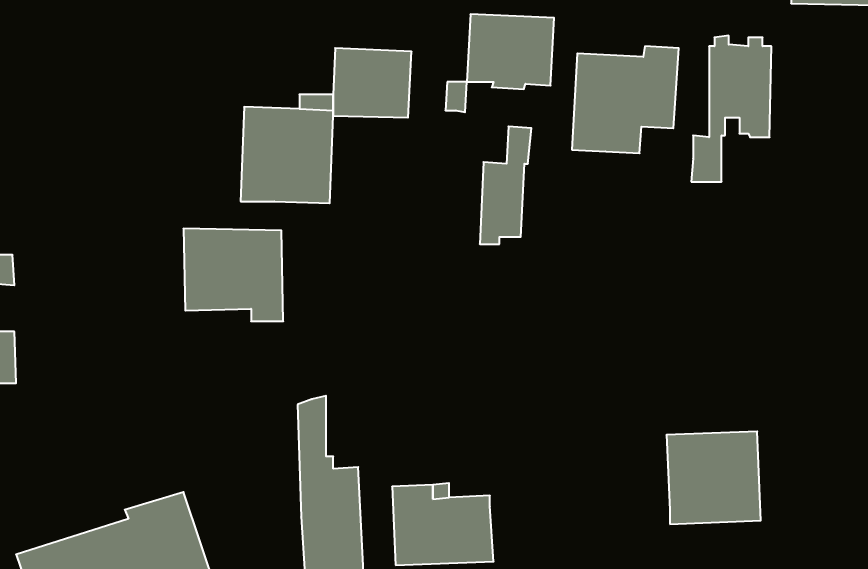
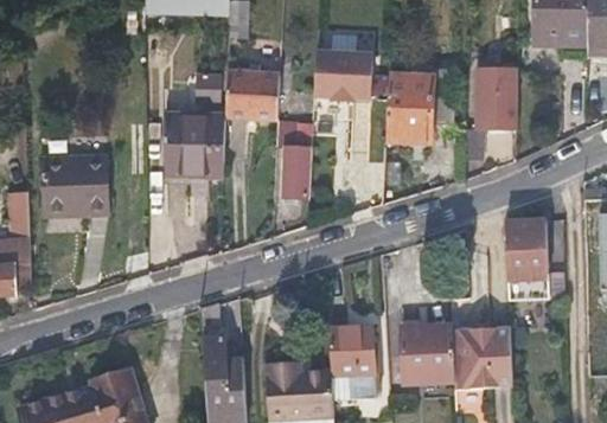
building: [480,126,531,244] -> [280,123,314,201]
building: [183,229,283,321] -> [41,154,108,216]
building: none -> [505,223,549,302]
building: none -> [330,325,373,399]
building: none -> [400,325,451,382]

